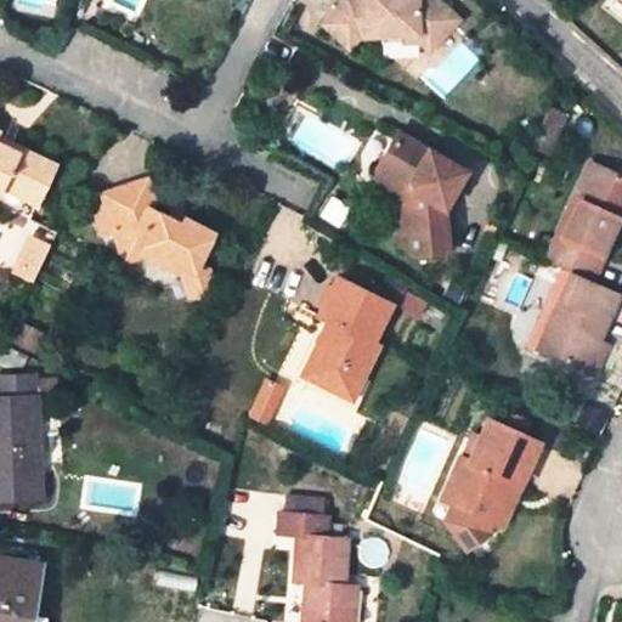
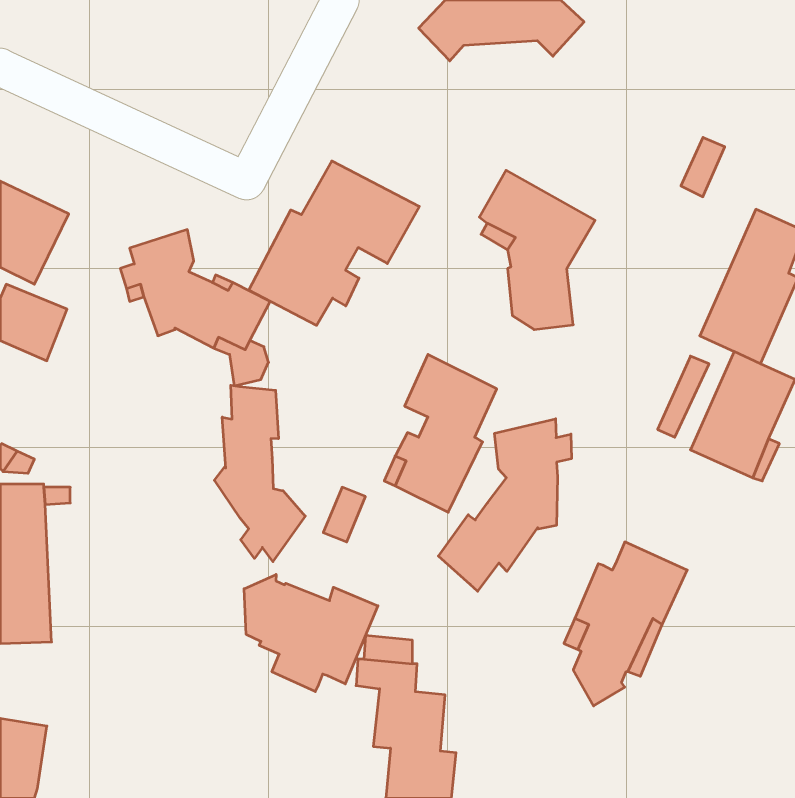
building: none -> [249,161,419,325]
building: none -> [214,385,305,562]
building: none -> [438,419,571,591]
building: none -> [244,574,378,692]

